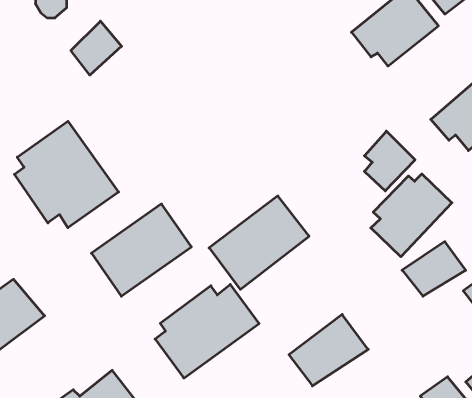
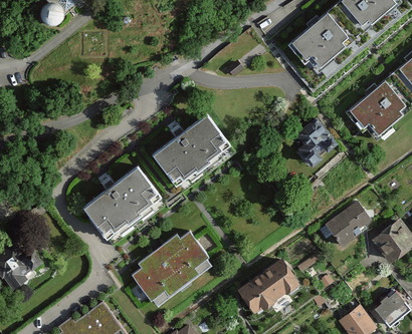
building: [71,21,122,75] -> none
building: [14,121,119,228] -> none
building: [371,174,452,257] -> none
building: [209,196,309,289] -> [156,119,233,192]

